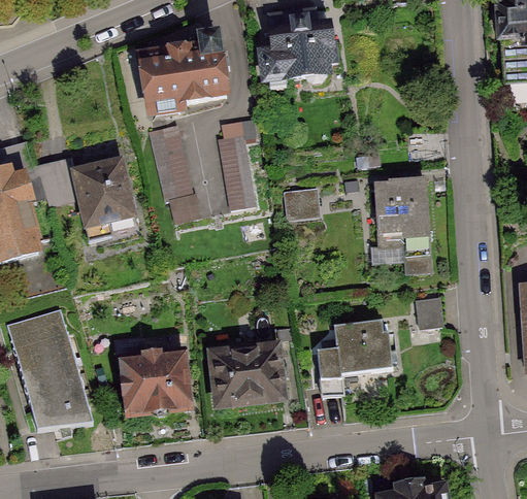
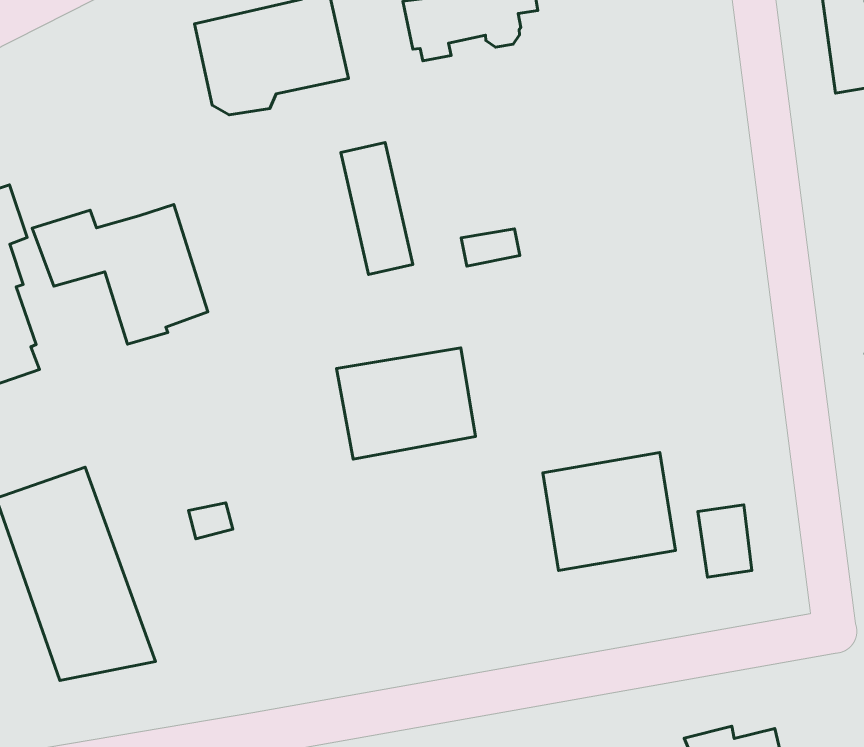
building: [149,122,197,220] -> none
building: [375,176,431,267] -> none
building: [416,297,444,337] -> [698,505,752,577]
building: [211,346,289,406] -> [337,348,476,459]
building: [120,348,190,414] -> none

